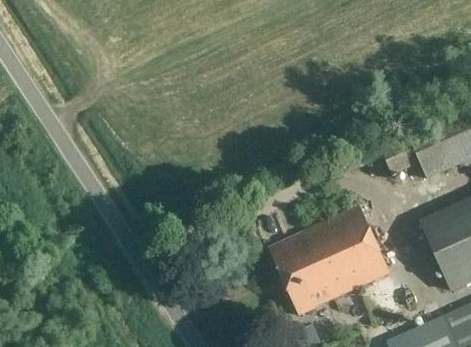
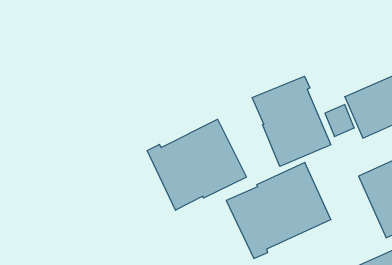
building: none -> [252,76,331,166]
building: none -> [147,119,246,210]

